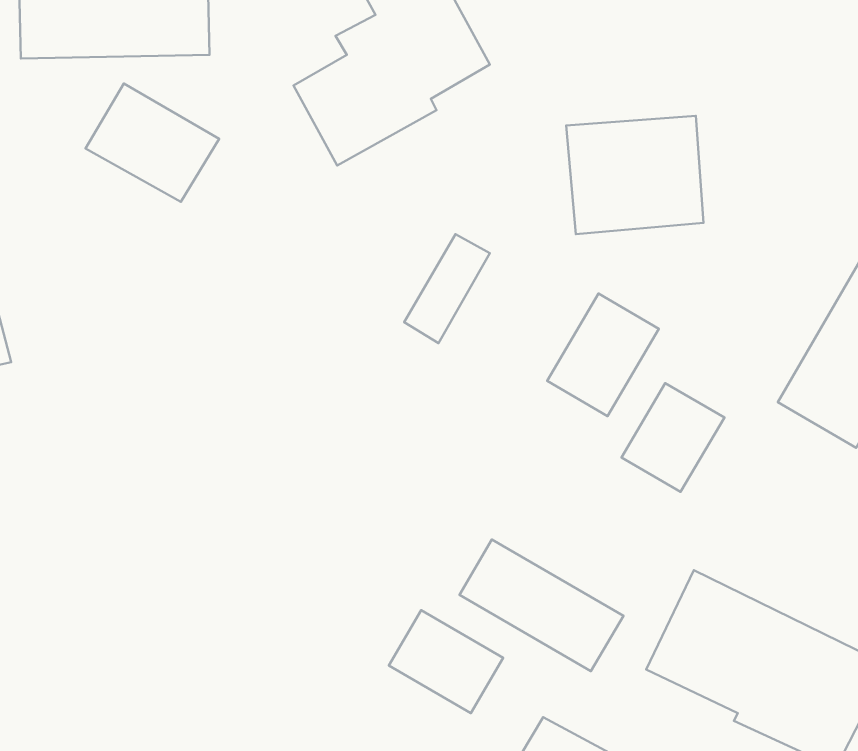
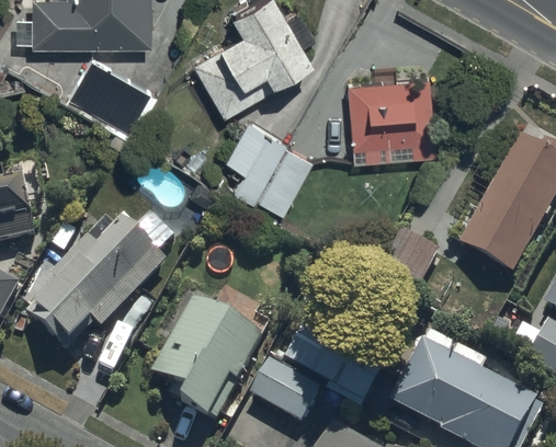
building: none -> [226,125,279,196]
building: [547,294,659,416] -> none
building: none -> [31,221,162,352]
building: none -> [149,303,251,422]

